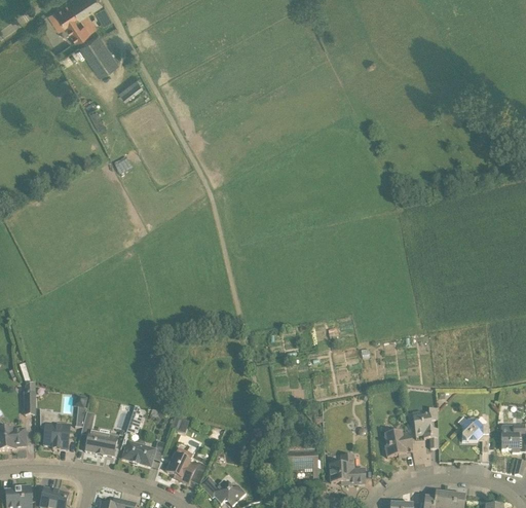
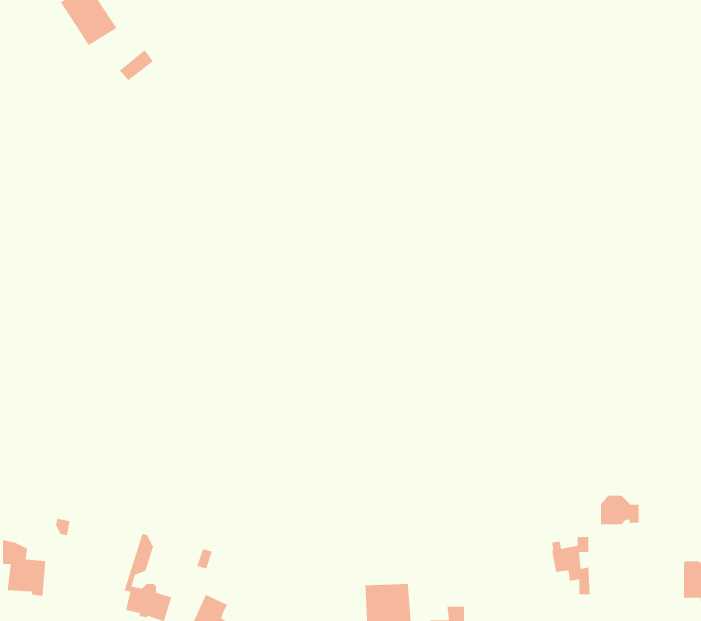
building: [80,411,116,456] -> none
building: [461,420,488,440] -> [600,495,640,525]
building: [384,428,412,457] -> none

